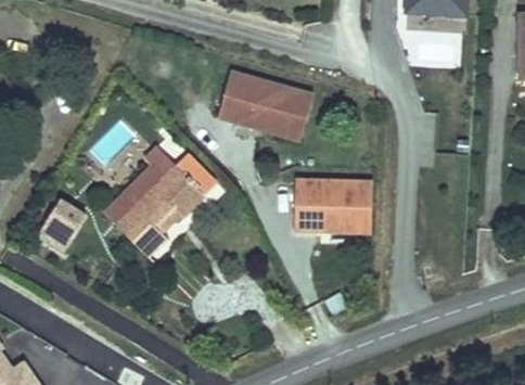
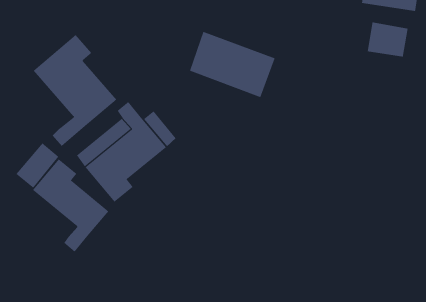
building: none -> [33,34,117,147]
building: [300,178,385,229] -> none
building: none -> [32,158,109,252]

